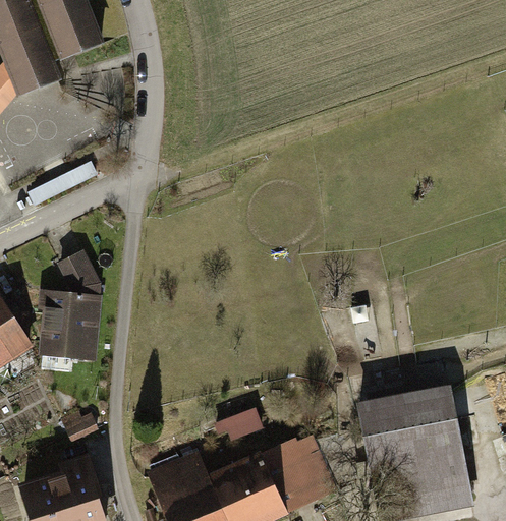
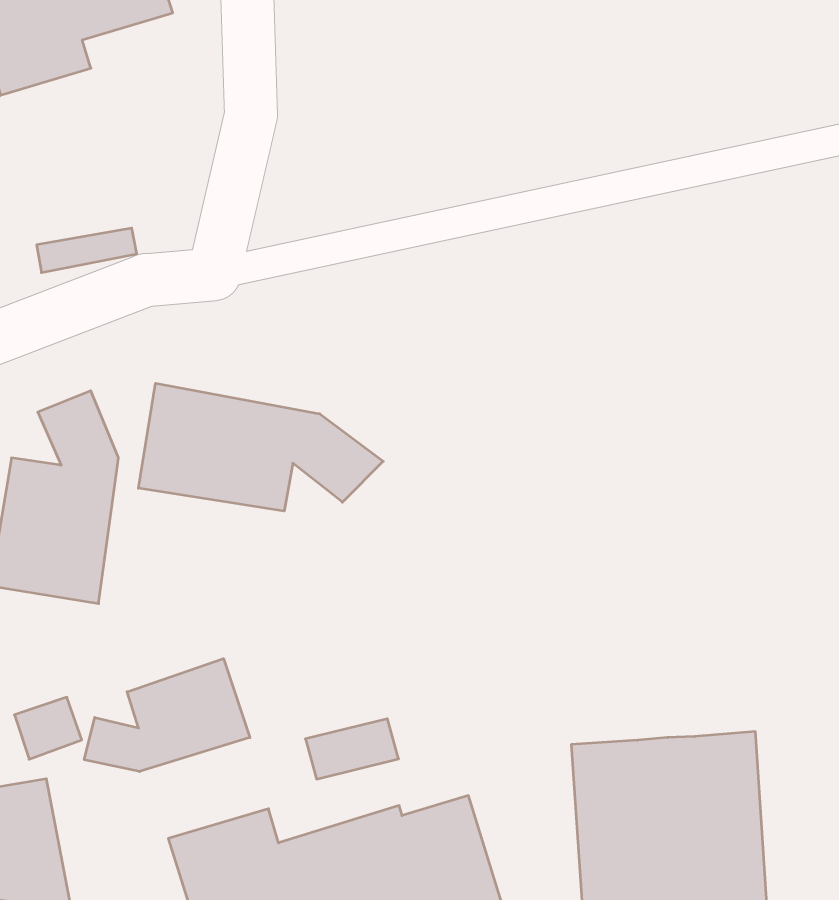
building: none -> [138,383,383,511]
building: none -> [84,659,250,772]

